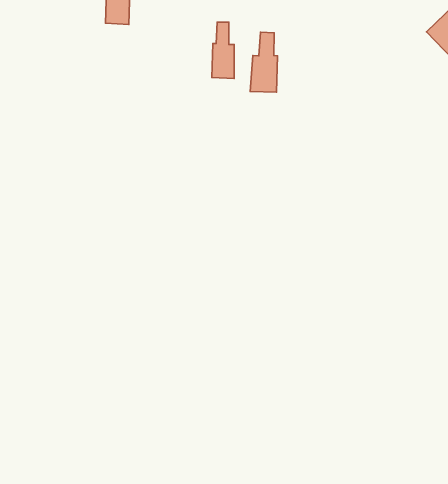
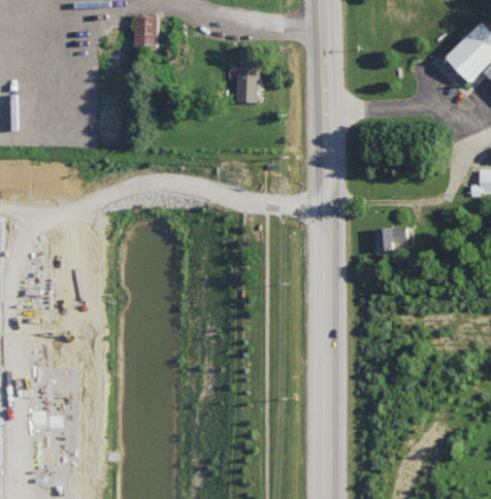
building: [250,32,278,92] -> none
building: none -> [375,226,408,251]

